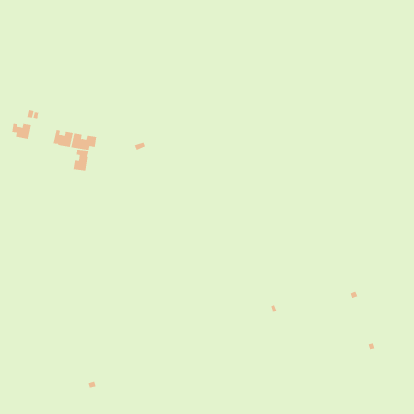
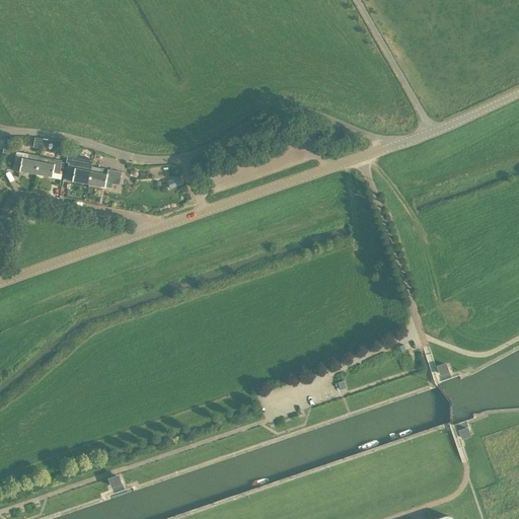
building: none -> [35,156,62,177]
building: [73,149,89,171] -> none

